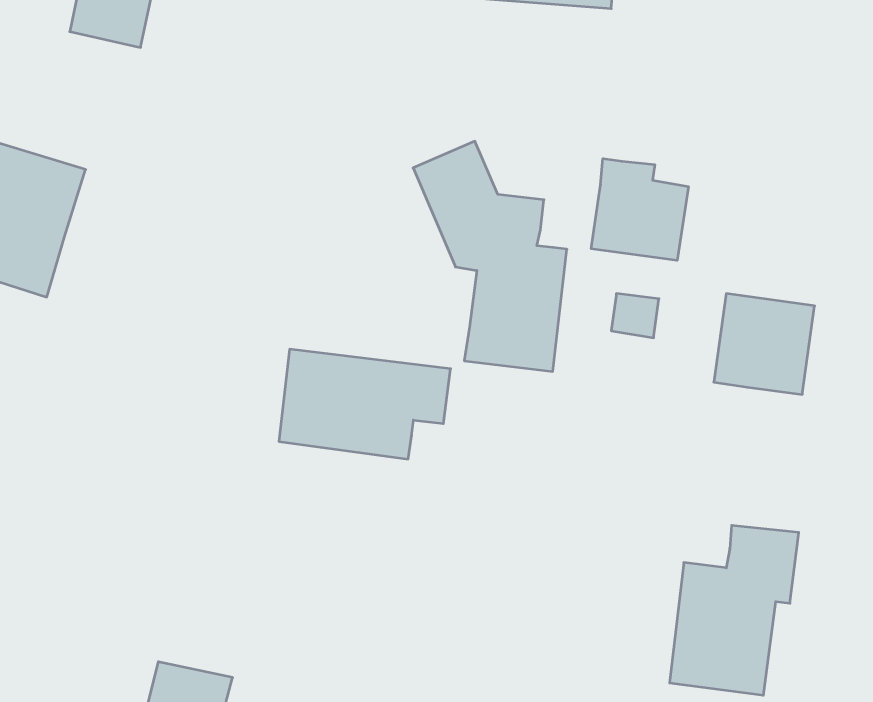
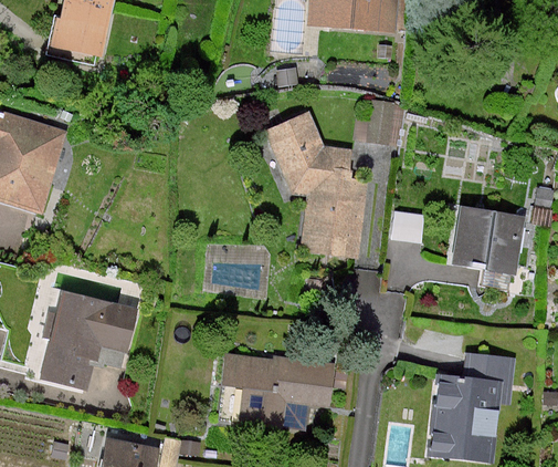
building: [591,159,688,260] -> none
building: [279,349,451,459] -> [221,356,328,425]
building: none -> [40,291,137,391]

